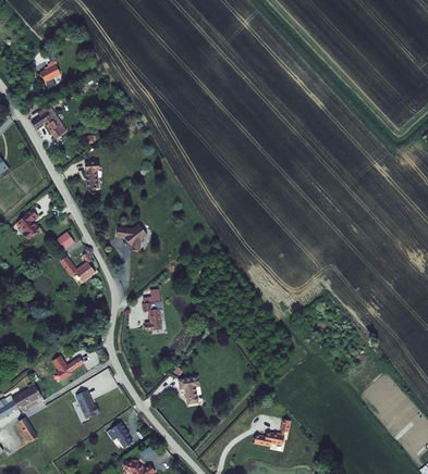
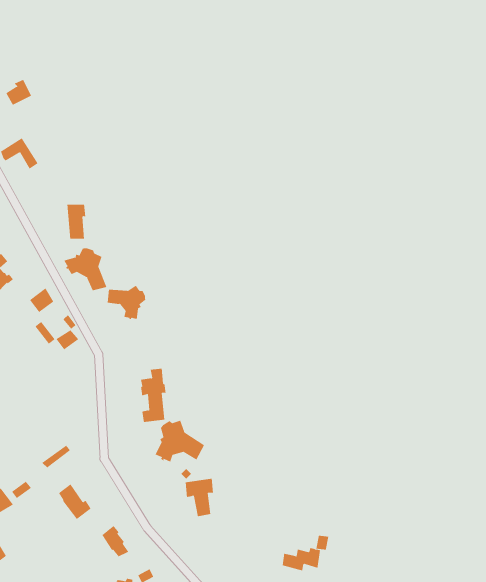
building: none -> [64,246,107,291]
building: none -> [155,420,205,462]

